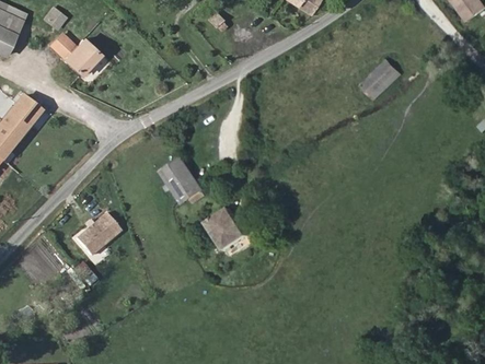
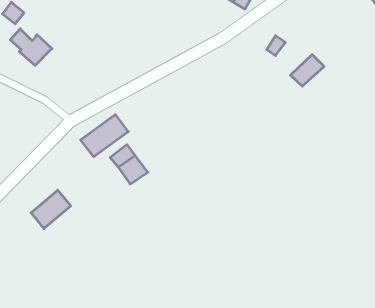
building: none -> [81,115,128,157]
building: [213,212,247,246] -> none

